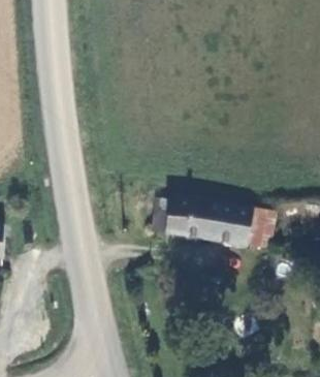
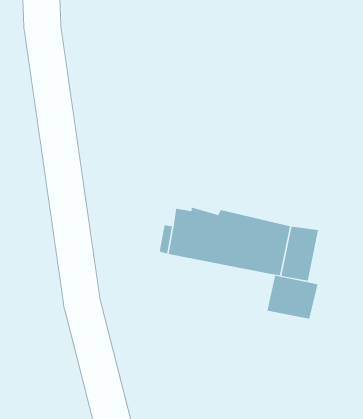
building: none -> [267,275,318,319]

